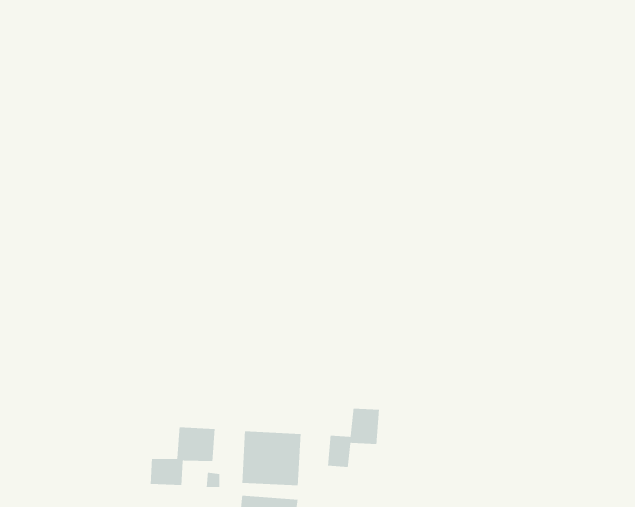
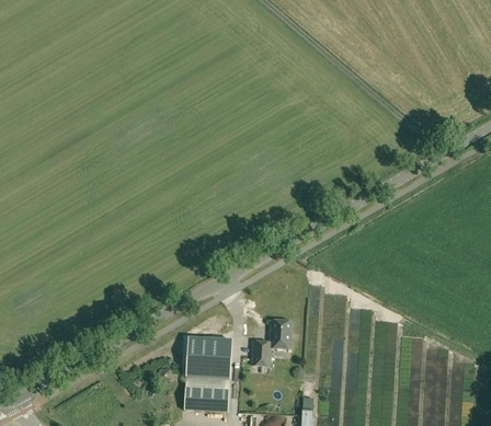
building: [150,427,216,486] -> none

